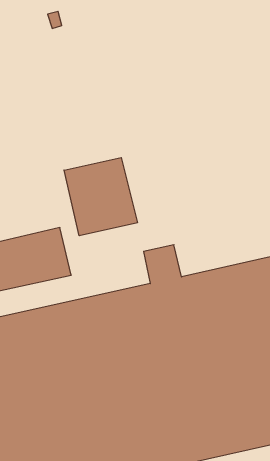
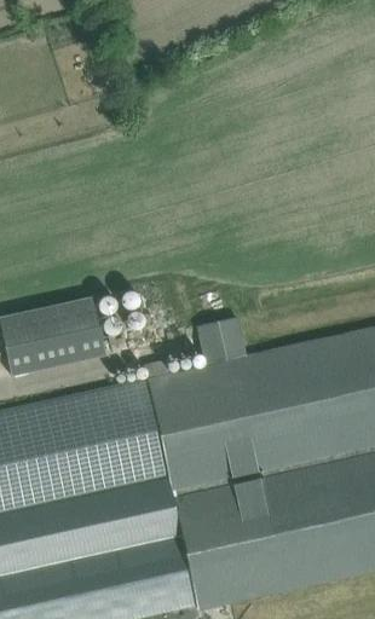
building: [64,158,137,236] -> none

